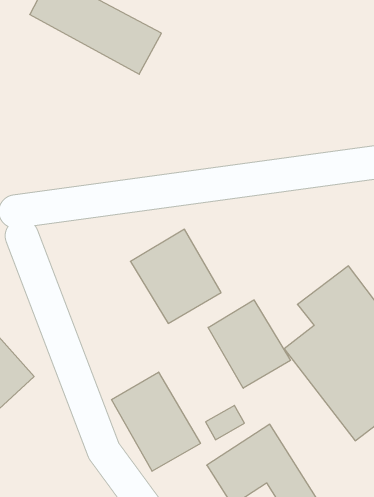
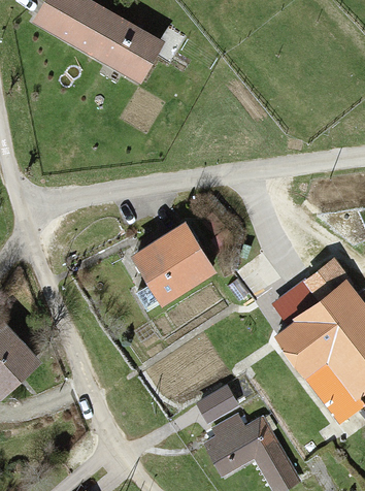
building: [208,300,290,388] -> none
building: [112,372,200,471] -> none

